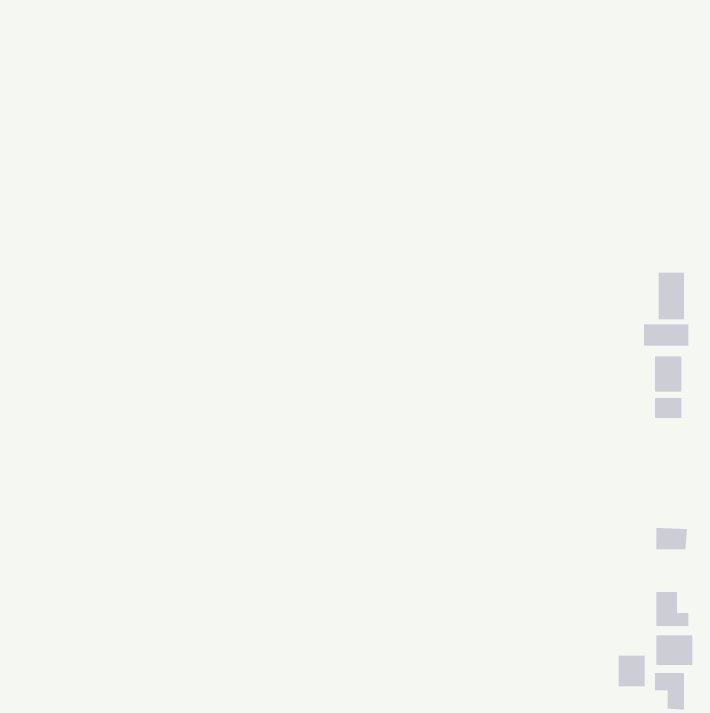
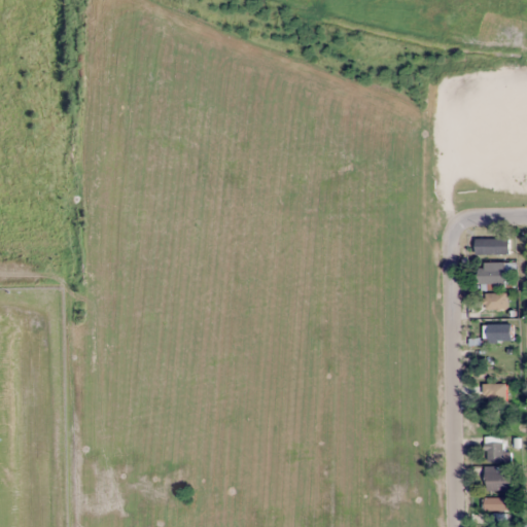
building: [658,272,685,320] -> none
building: none -> [485,323,510,341]
building: [618,655,645,687] -> none

